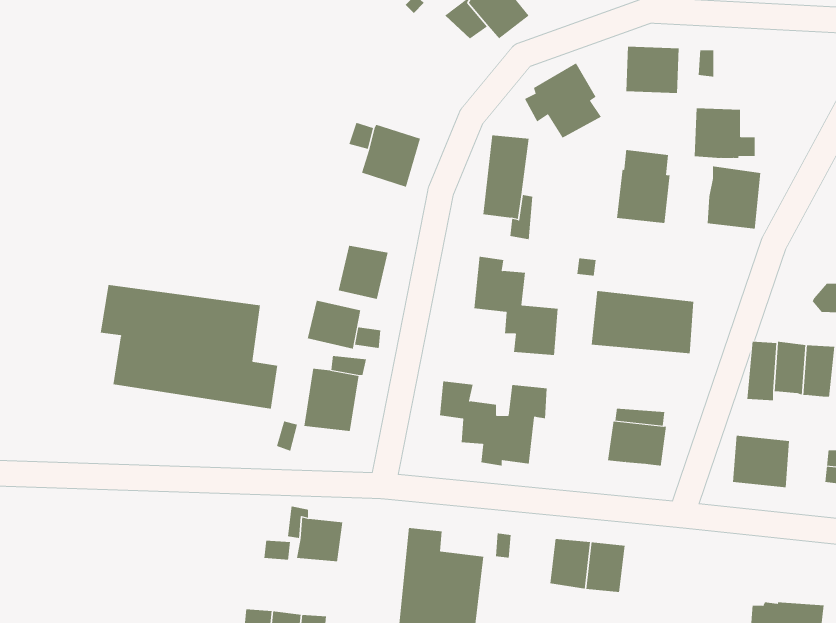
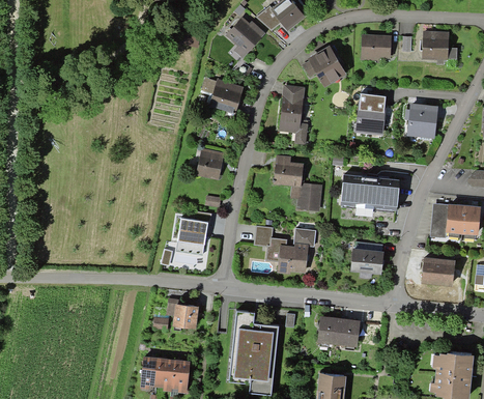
building: none -> [226,17,265,58]
building: [694,108,755,158] -> [422,31,457,60]
building: [100,284,278,410] -> none
building: [307,300,361,350] -> none

